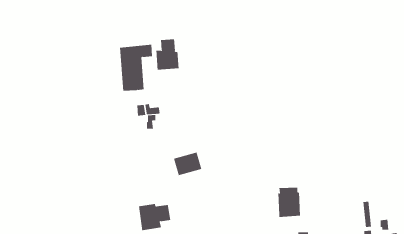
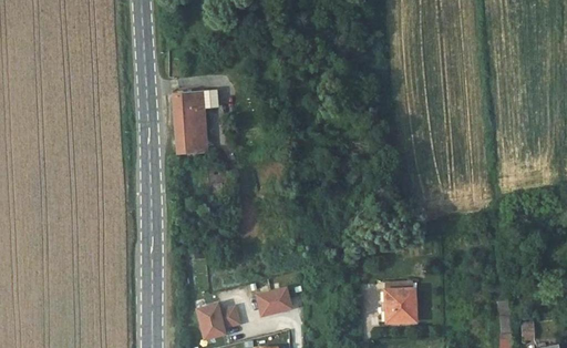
building: [156,39,179,71] -> none
building: [173,152,202,176] -> [256,286,295,318]

